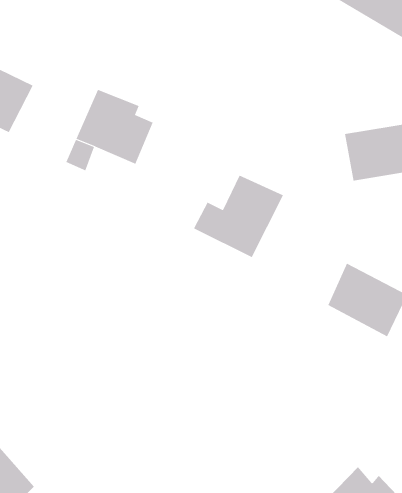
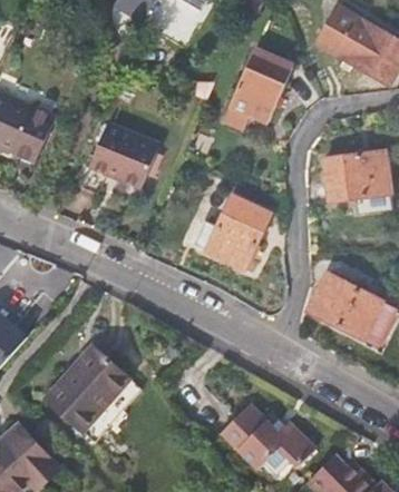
building: none -> [231,51,292,121]
building: none -> [49,345,130,430]
building: none -> [232,404,314,465]

